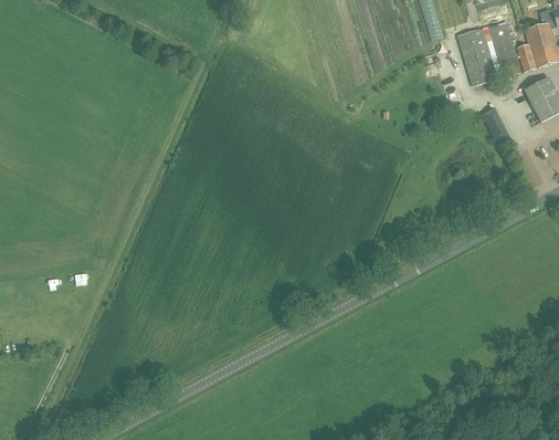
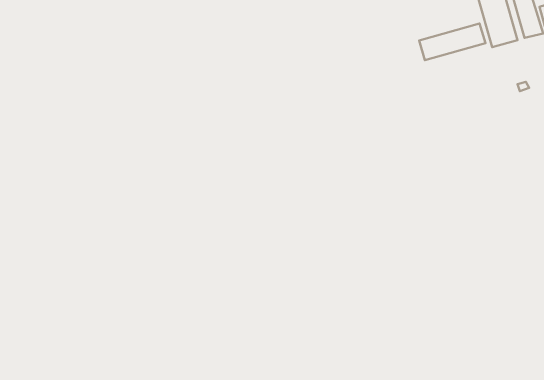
building: none -> [419,23,485,60]

